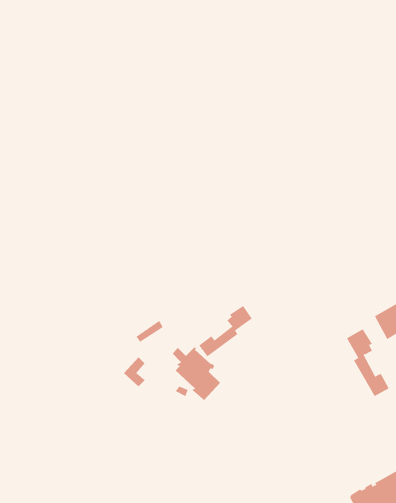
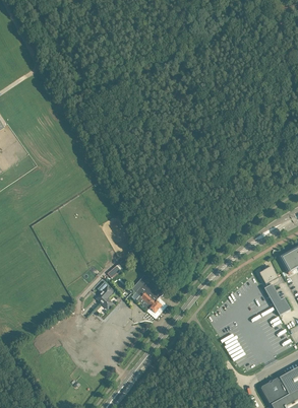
building: [199,305,252,357] -> none

